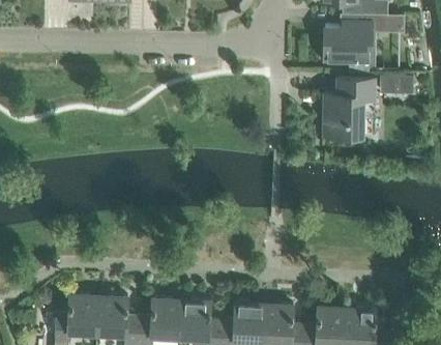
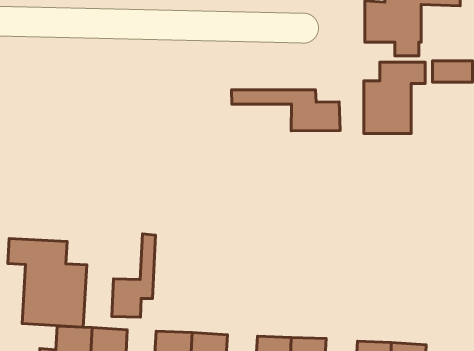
building: none -> [231,90,340,131]
building: none -> [112,234,156,317]
building: none -> [8,238,87,327]

